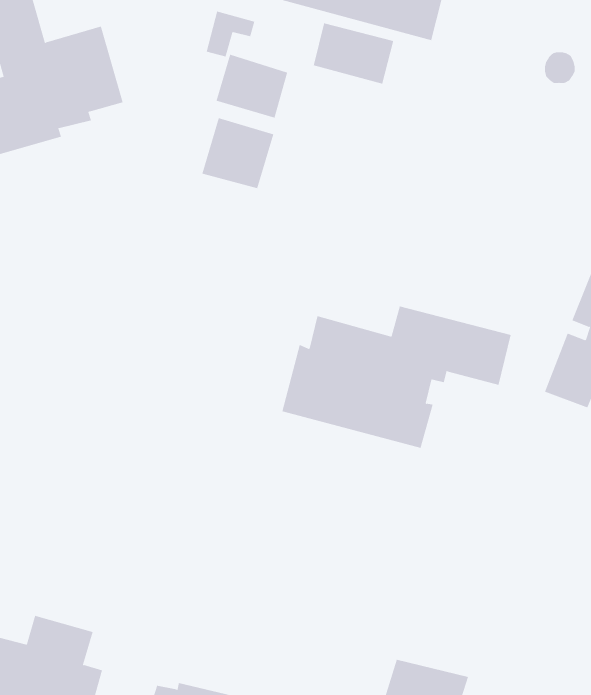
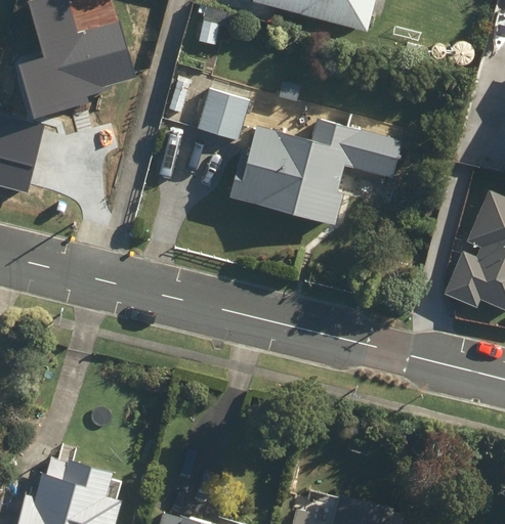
building: [313,23,394,85] -> none
building: [216,54,288,118] -> none
building: [281,306,512,448] -> [226,119,398,225]

